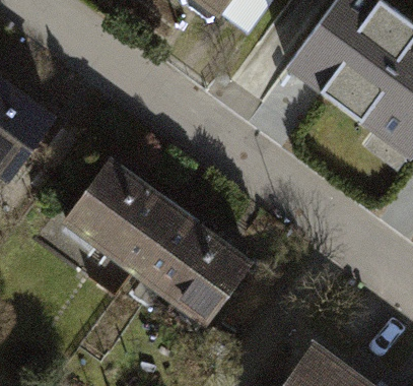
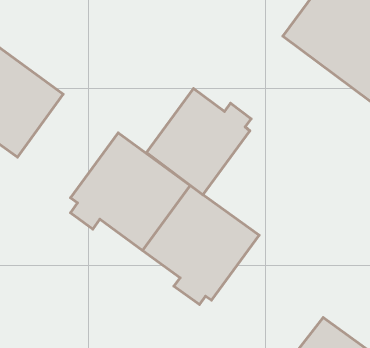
building: none -> [147,89,251,195]

